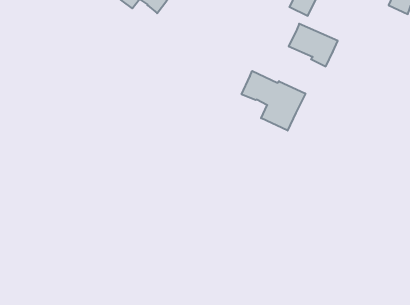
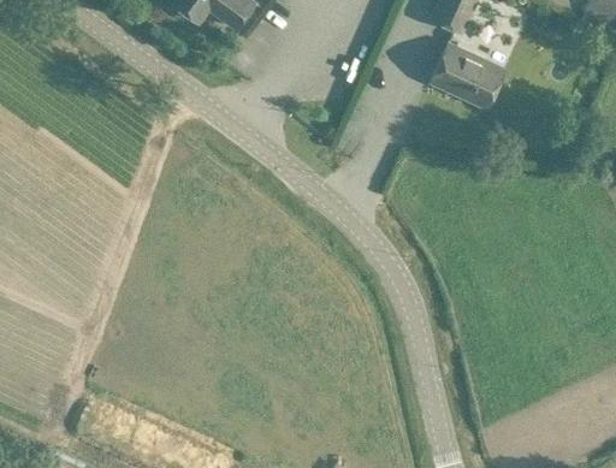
building: [242,71,305,131] -> none

